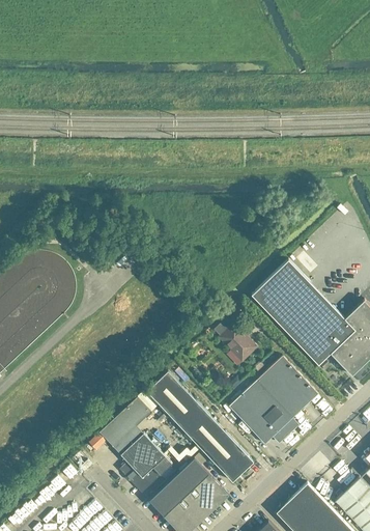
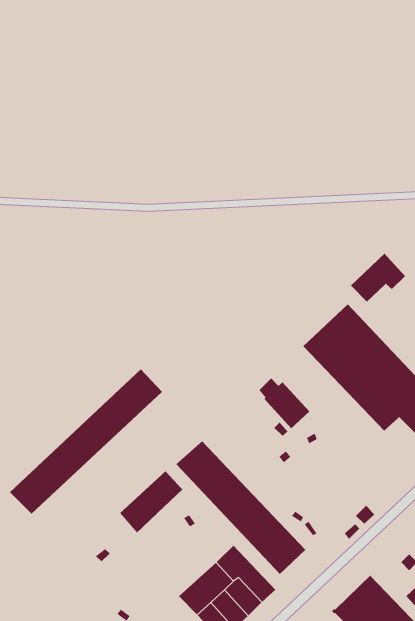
building: none -> [350,253,406,303]
building: none -> [9,368,163,515]
building: [229,358,317,446] -> none
building: [114,427,172,494] -> none

